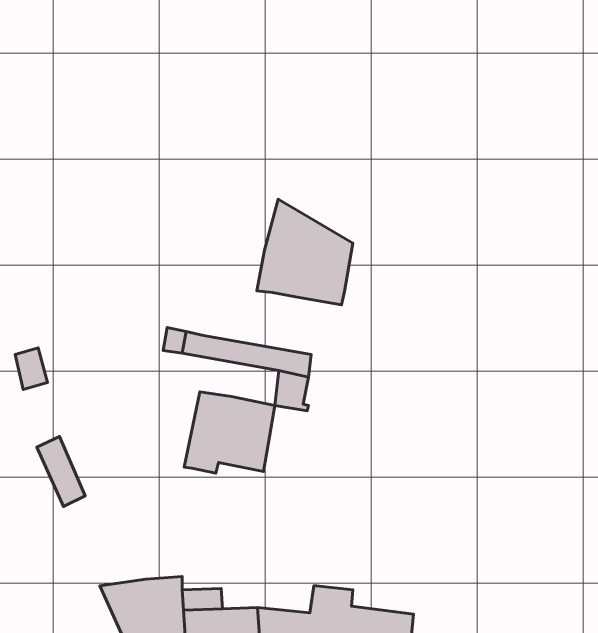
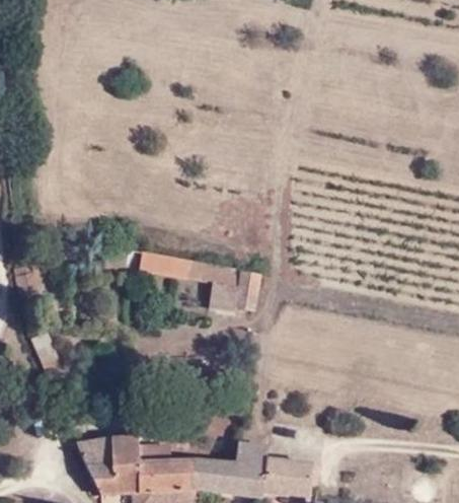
building: [257,199,353,305] -> none
building: none -> [229,269,258,311]
building: [184,392,275,473] -> none

